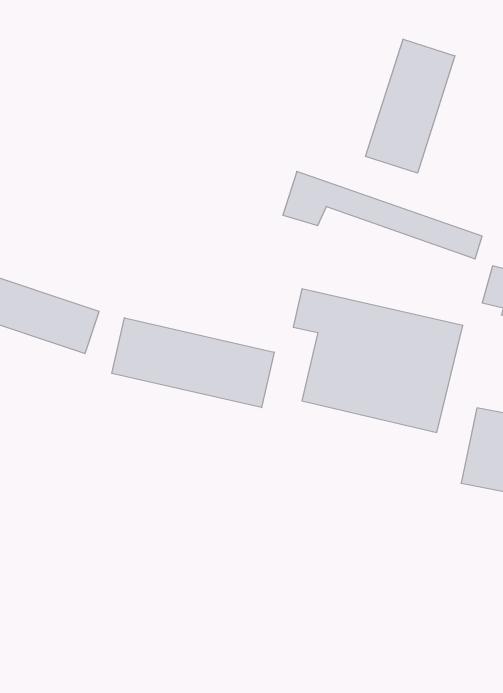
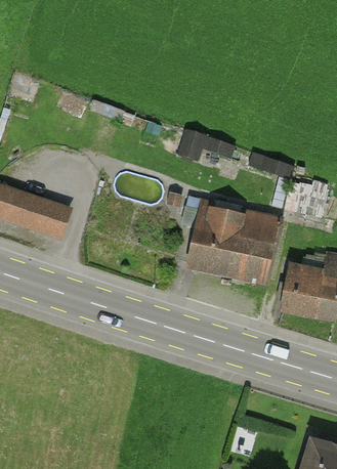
building: [366,39,455,173] -> none
building: [112,318,274,408] -> none

